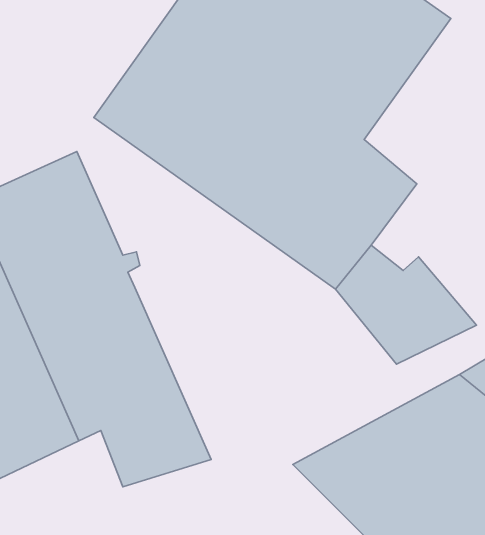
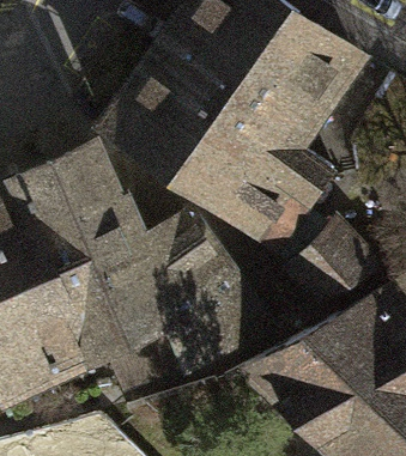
building: none -> [137,218,273,366]

